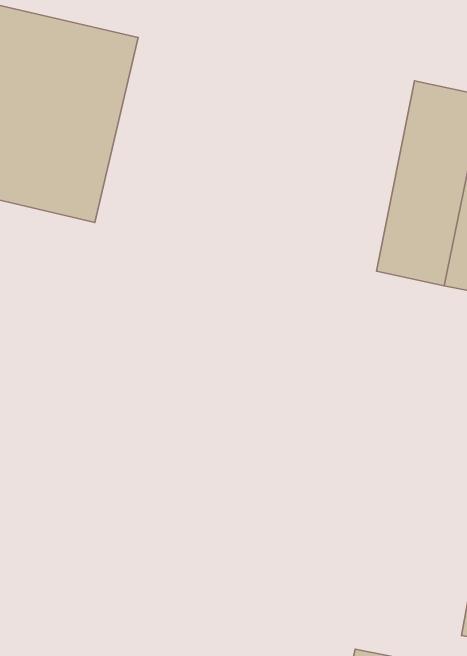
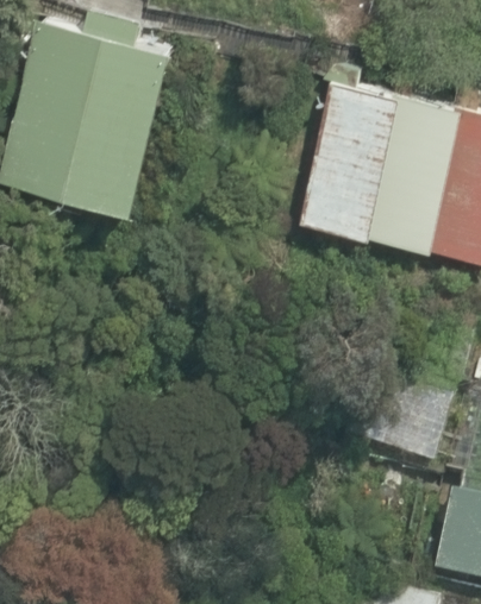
building: none -> [294,73,407,256]

